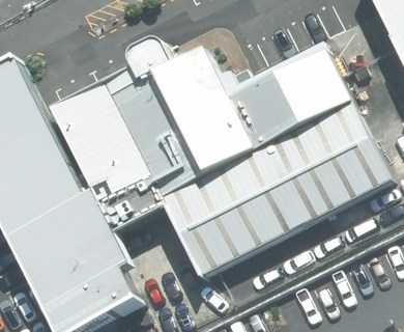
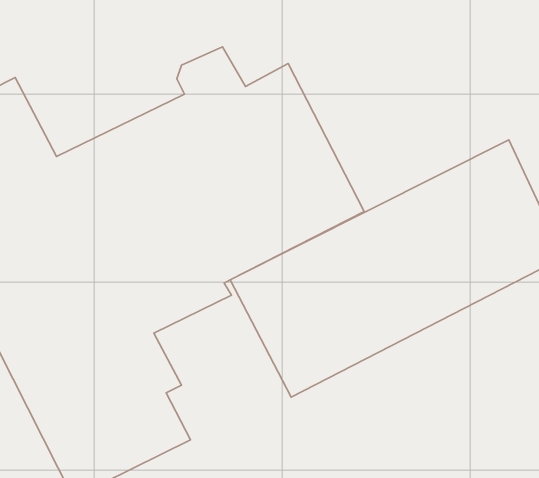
building: [229,38,353,147] -> none

